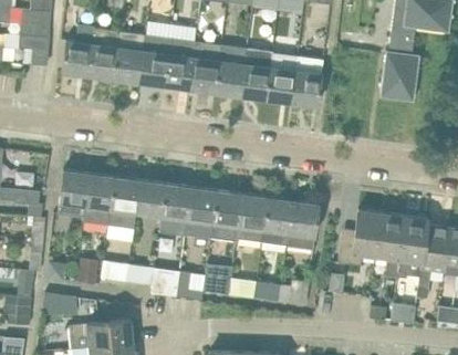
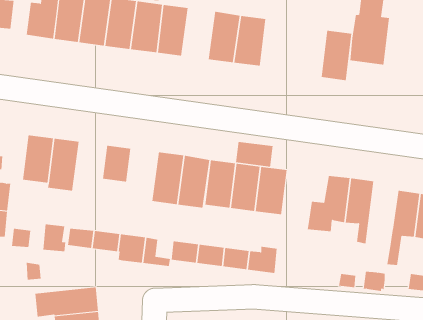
building: [215,45,247,96] -> none
building: [292,56,323,106] -> [321,30,352,81]
building: none -> [235,141,273,167]
building: [107,177,140,229] -> none
building: [159,184,191,236] -> none
building: [396,216,428,279] -> none

